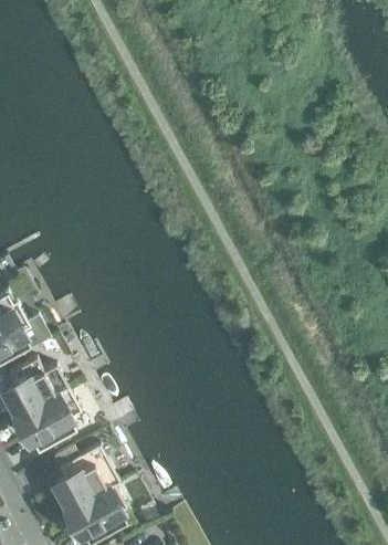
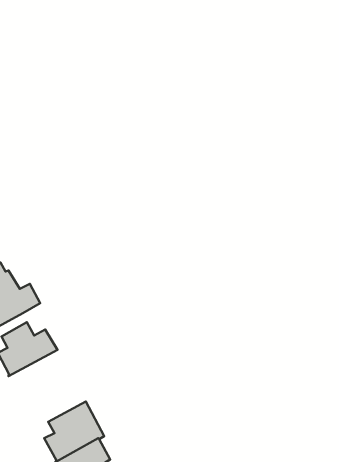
building: [11,391,76,457] -> none

